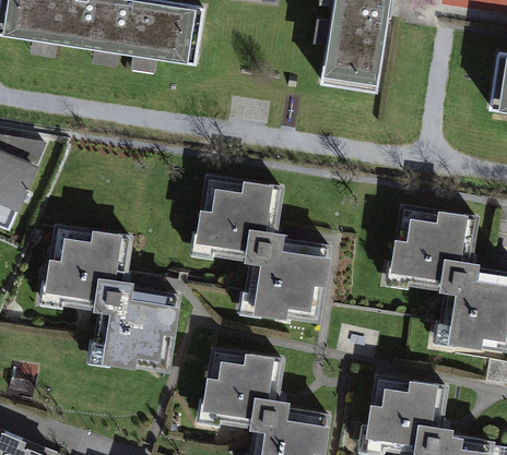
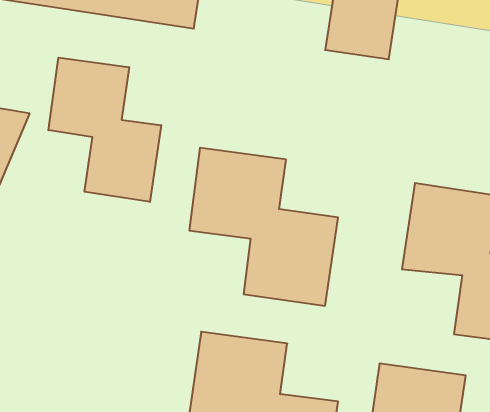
building: none -> [48,58,161,202]
building: [43,225,180,372] -> none

